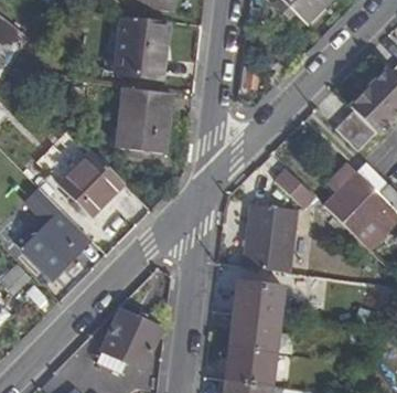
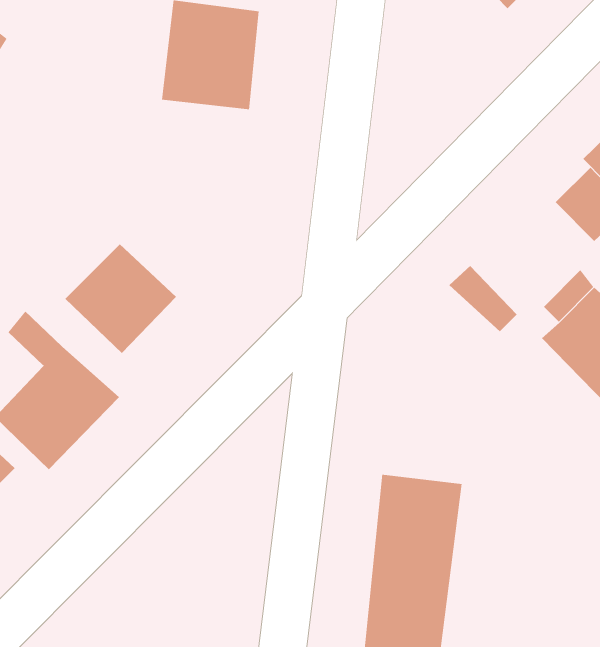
building: [117,86,172,151] -> none
building: [242,202,293,273] -> none
building: [101,309,160,368] -> none

